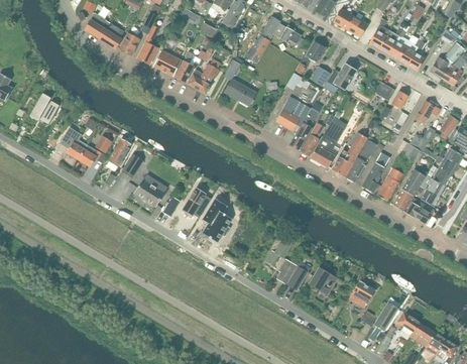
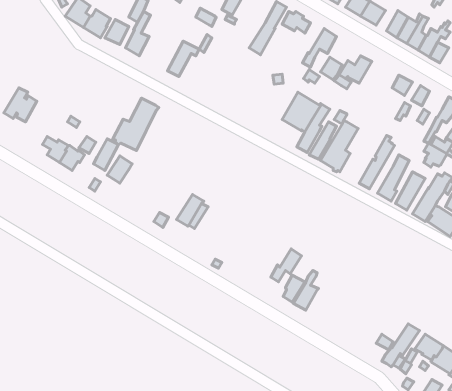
building: [154,50,182,77] -> none
building: [187,58,221,94] -> none
building: [224,59,256,106] -> none
building: none -> [113,98,159,151]
building: [332,133,367,176] -> none
building: [134,178,164,208] -> none
building: [202,199,232,242] -> none
building: [309,266,338,294] -> none
building: [349,280,375,308] -> none

